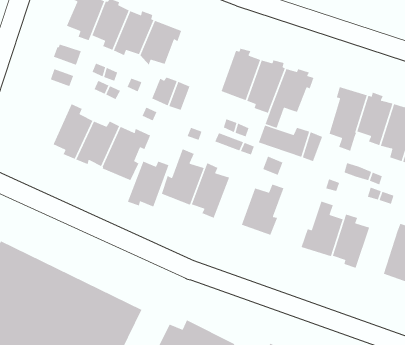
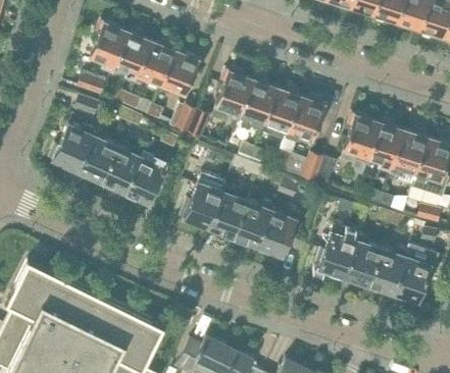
building: none -> [211,68,252,124]
building: none -> [49,124,95,171]
building: [127,160,169,209] -> [232,201,272,247]
building: none -> [367,248,406,294]

